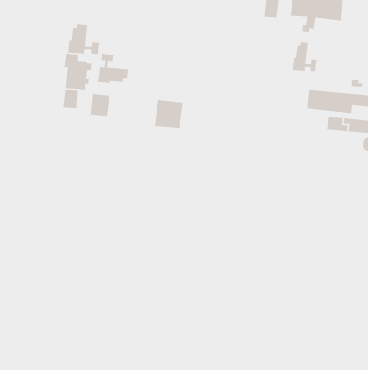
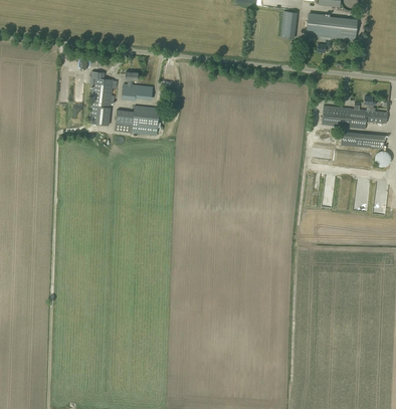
building: [67,23,100,55] -> none
building: [292,41,317,72] -> none
building: [154,99,184,129] -> [133,105,161,133]

